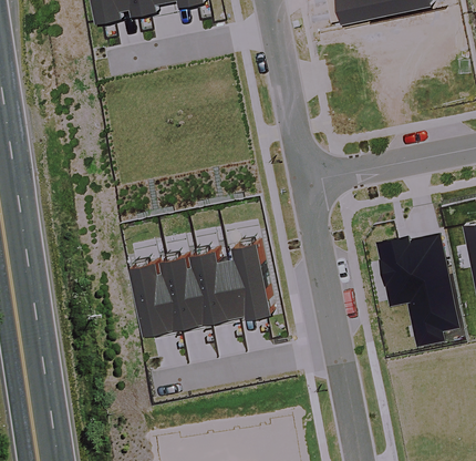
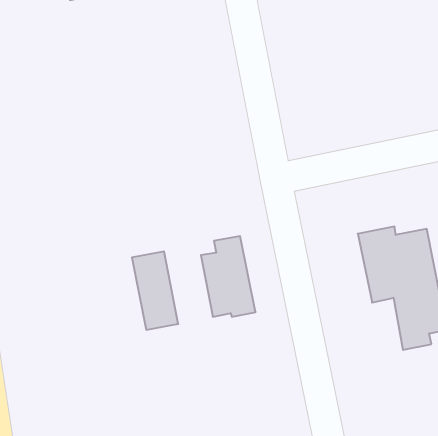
building: [192,246,237,320] -> none
building: [137,258,175,330] -> none

